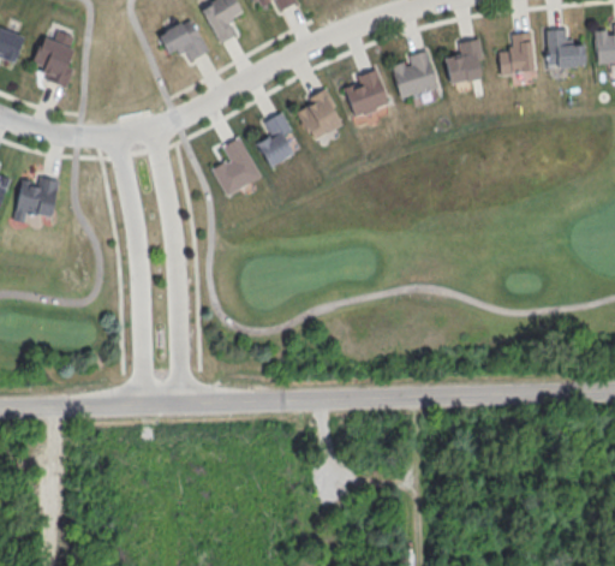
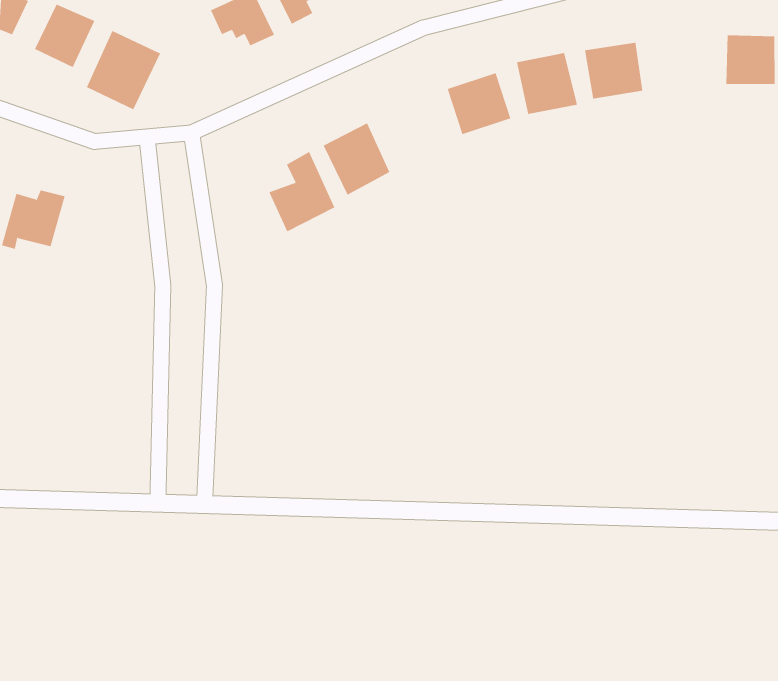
building: [497,31,535,76] -> none
building: none -> [86,30,161,110]
building: [297,91,342,139] -> none

